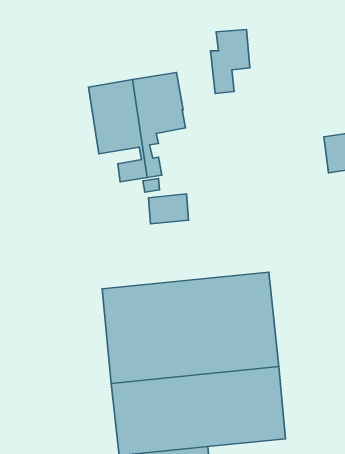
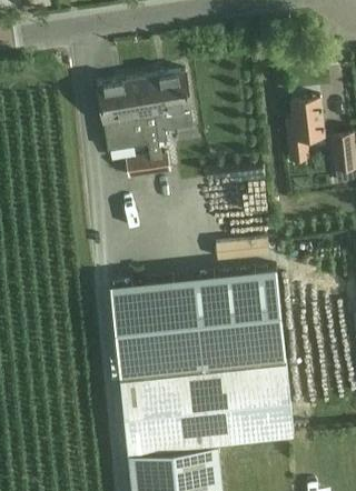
building: [211,29,250,94] -> [285,100,324,163]
building: [148,194,189,224] -> none

